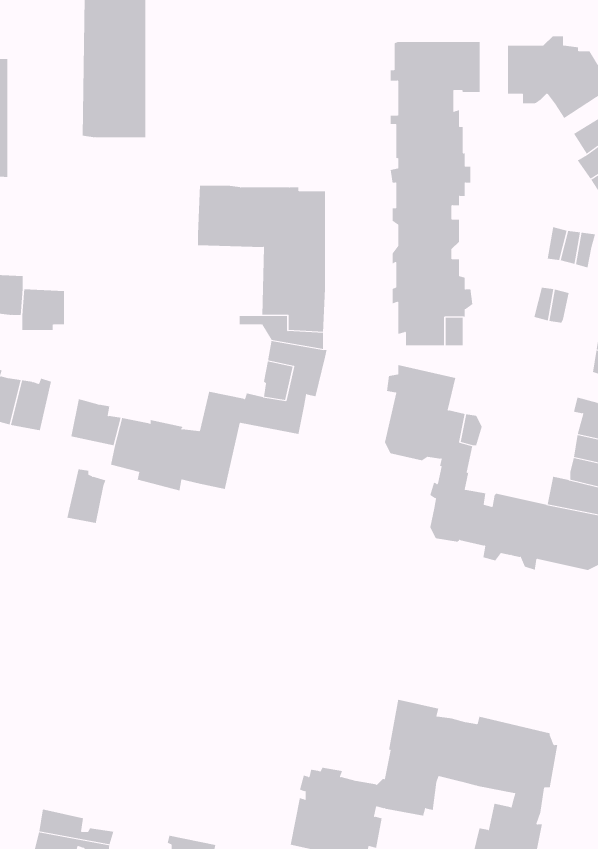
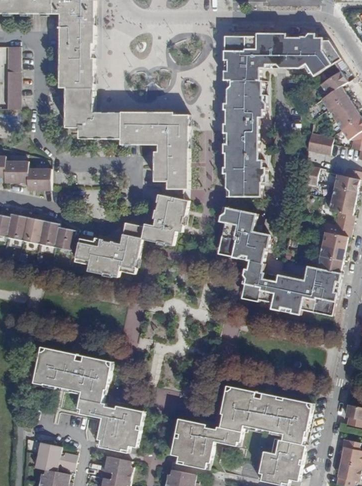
building: none -> [256,33,299,73]
building: none -> [65,87,121,138]
building: [66,469,106,524] -> [37,216,58,245]
building: none -> [34,347,144,451]

